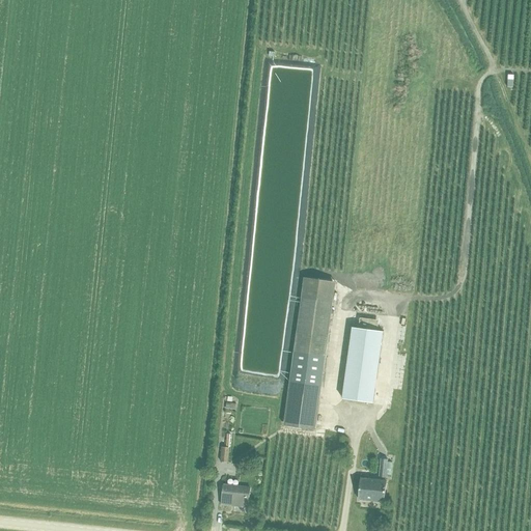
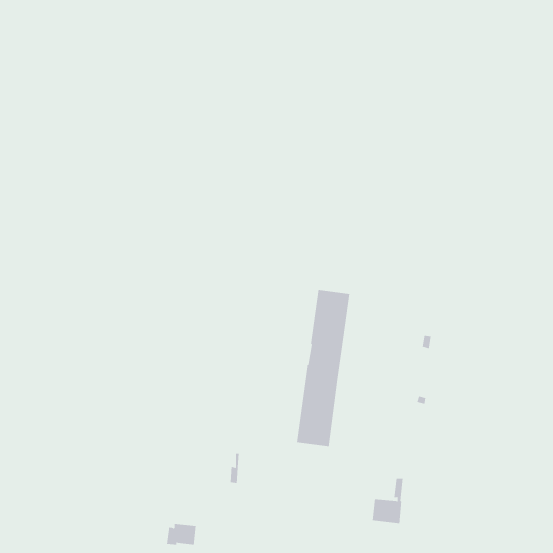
building: [341,327,383,402] -> none
building: [219,484,248,505] -> [166,524,197,545]

